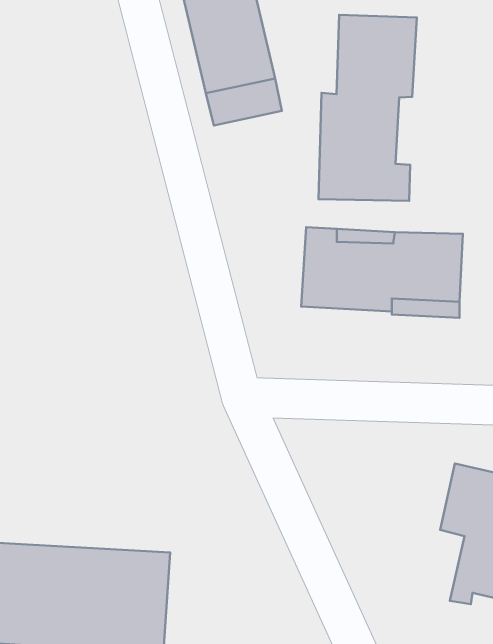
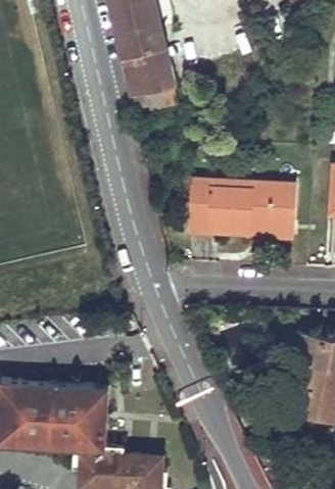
building: [319,15,417,201] -> none

